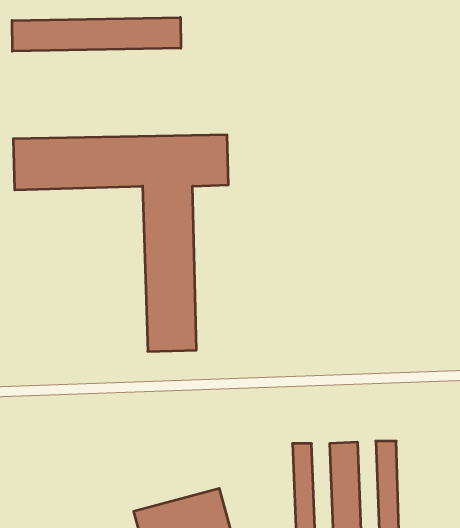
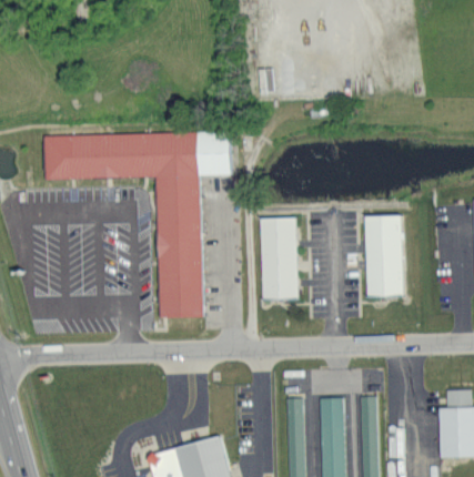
building: [12,17,181,51] -> none
building: none -> [364,216,404,300]
building: none -> [258,219,299,302]

